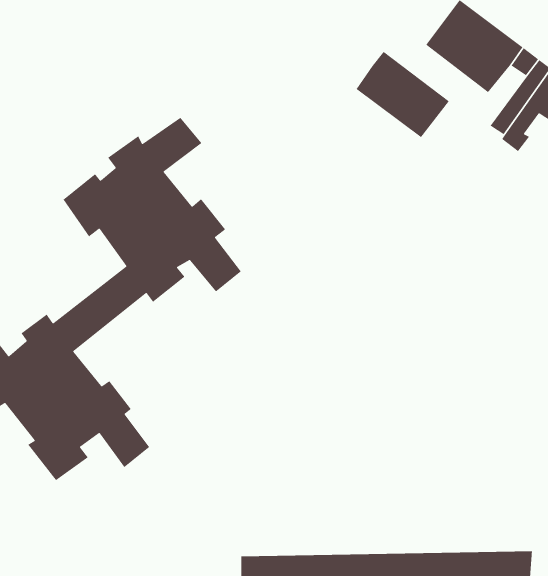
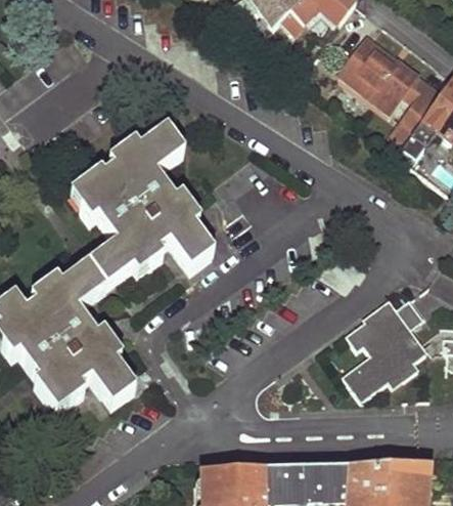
building: [355,51,450,138] -> none
building: none -> [344,287,425,389]

